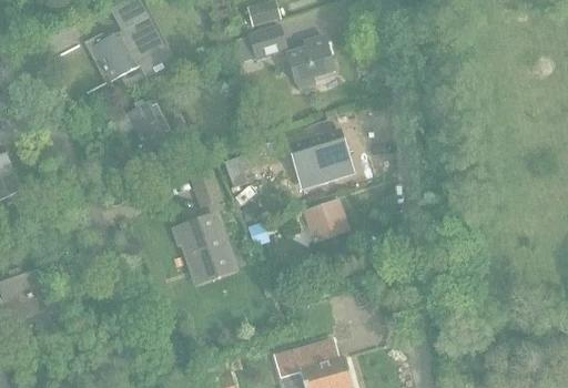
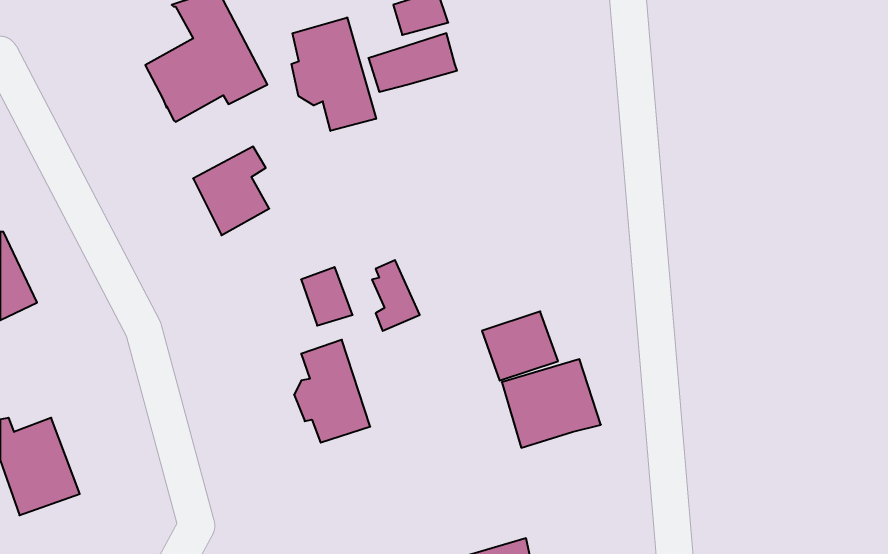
building: none -> [291,17,376,131]
building: [286,33,334,81] -> none
building: [290,130,352,185] -> [502,359,601,448]

